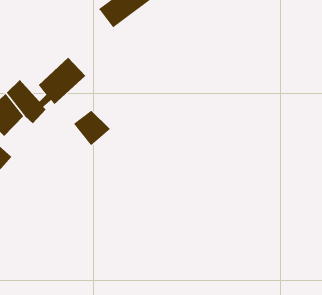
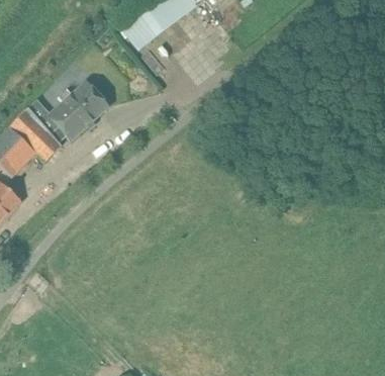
building: [73,110,111,146] -> none

